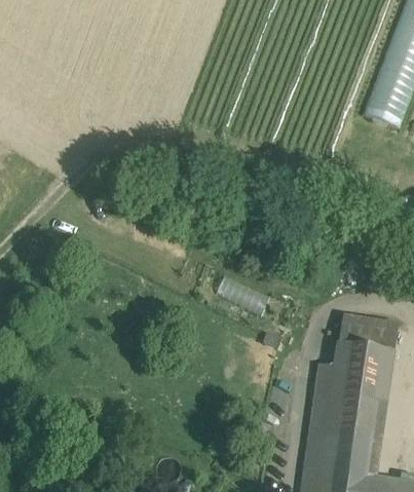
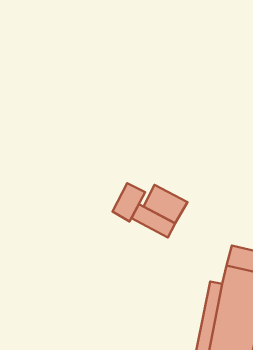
building: none -> [112,183,145,221]
building: none -> [144,185,187,223]

